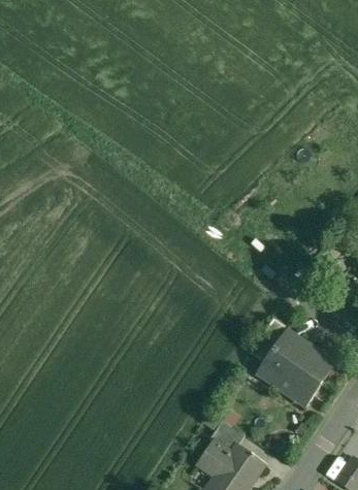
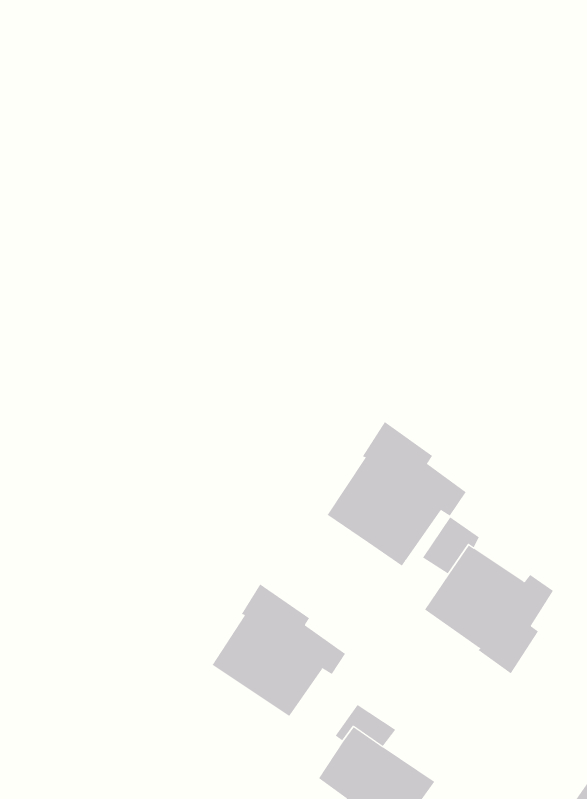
building: none -> [327,421,467,566]
building: none -> [212,584,346,717]

